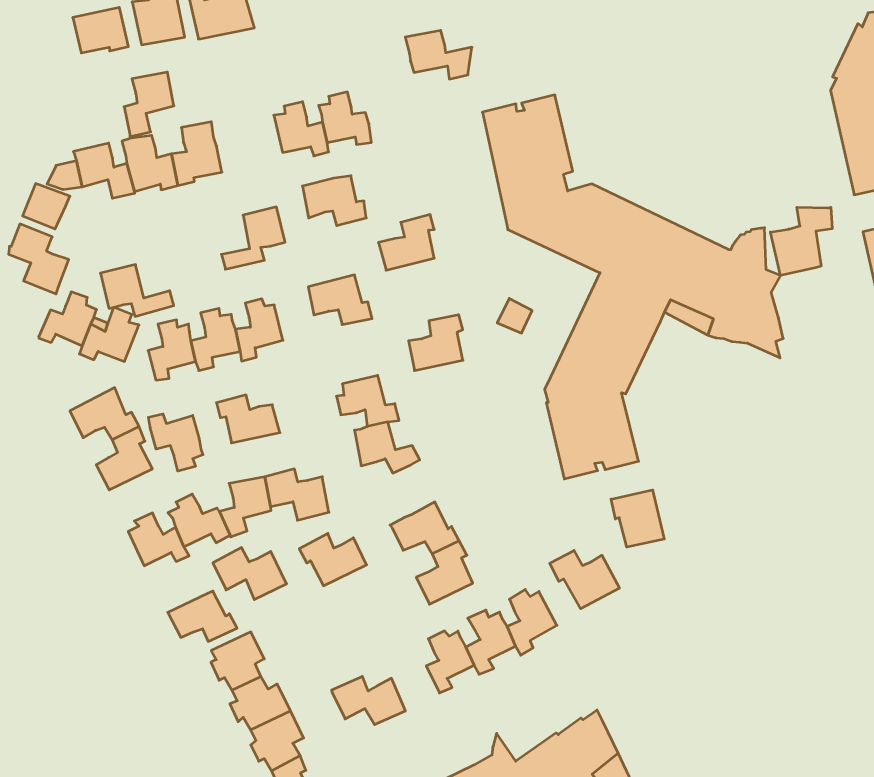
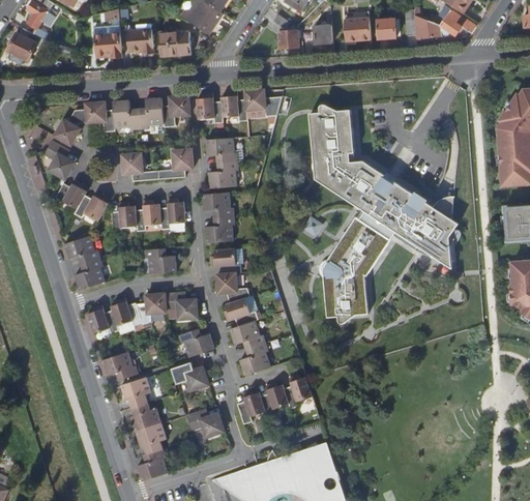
building: [405,30,472,79] -> [244,90,279,117]
building: [124,72,174,137] -> [163,96,189,128]
building: [770,207,832,275] -> none
building: [378,215,434,270] -> [208,161,239,188]
building: [100,265,174,316] -> [121,154,158,182]
building: [409,315,463,371] -> [205,216,235,243]
building: [148,414,203,471] -> none
building: none -> [224,298,258,325]
building: [611,490,664,547] -> none
building: [213,548,287,600] -> [171,362,209,391]
building: [550,550,619,609] -> none

